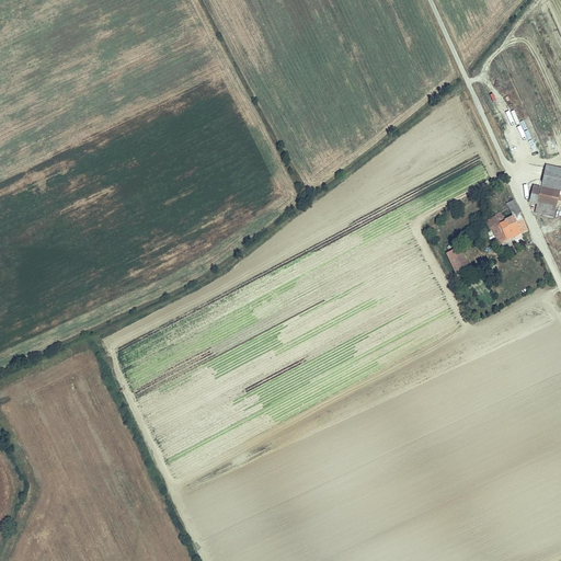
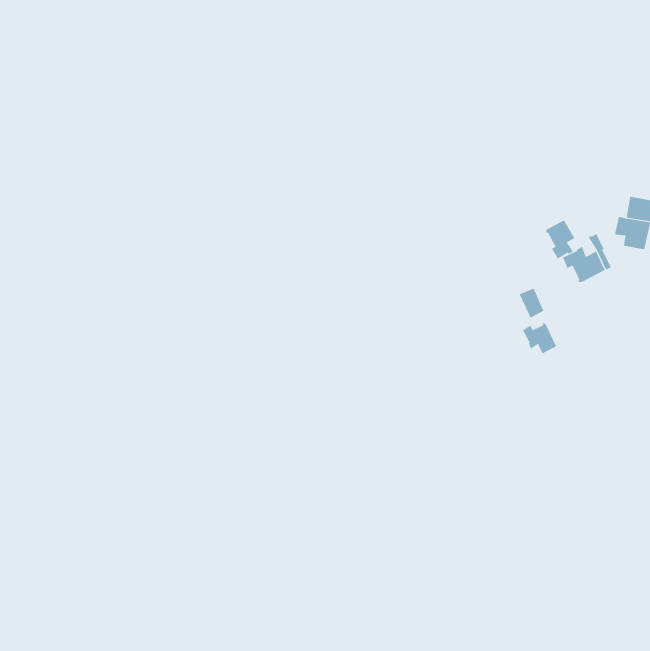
building: none -> [546,220,575,260]
building: none -> [522,322,557,354]

